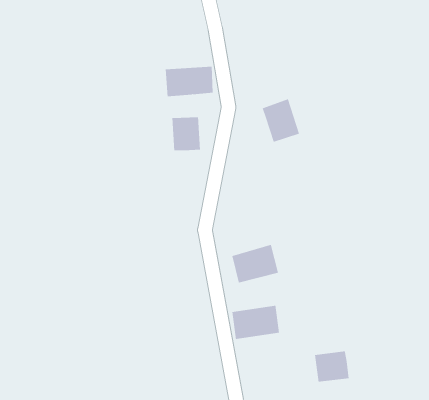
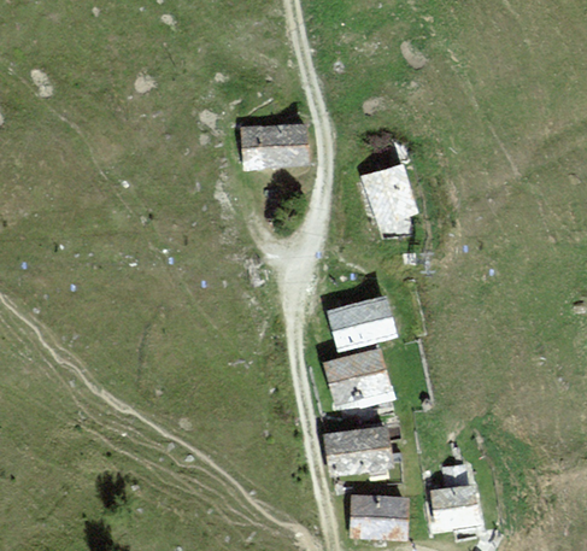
building: [172,116,200,151] -> none
building: none -> [329,297,392,345]
building: none -> [351,496,404,534]

